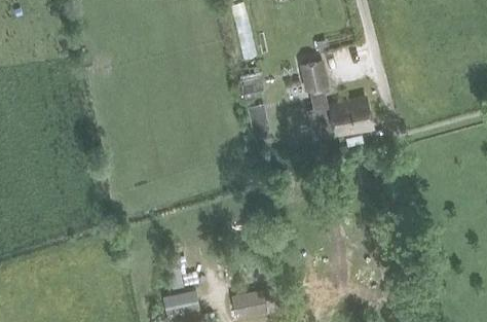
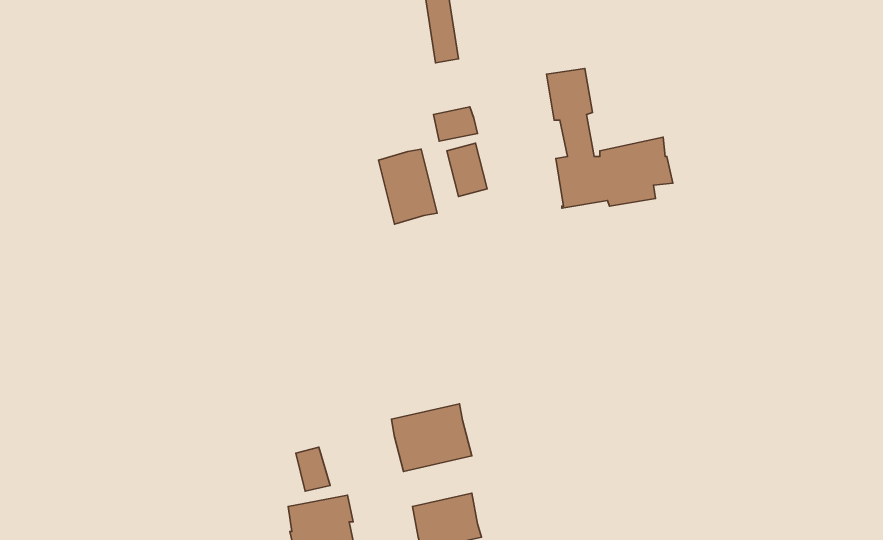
building: none -> [379,149,437,224]
building: none -> [391,404,472,471]

